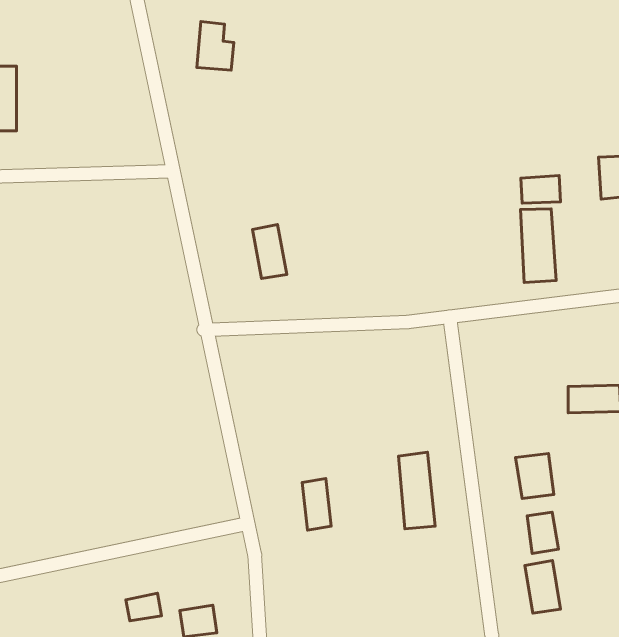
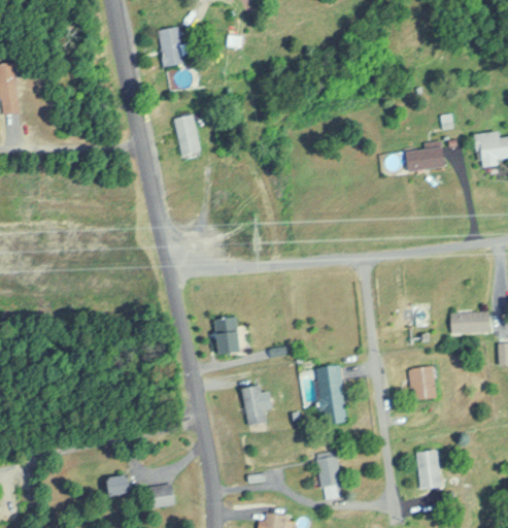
building: [521,209,556,283] -> none
building: [252,224,287,278] -> [174,113,201,156]
building: none -> [212,316,242,356]
building: [527,512,559,553] -> none
building: none -> [316,451,343,499]

